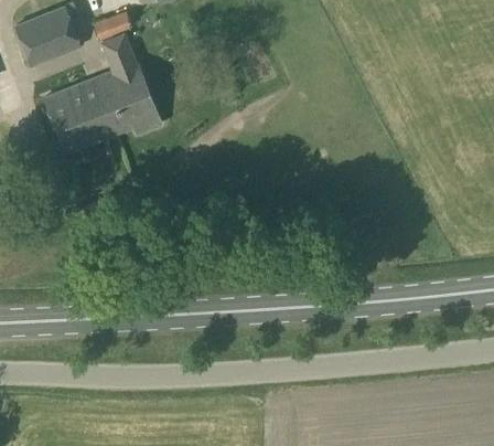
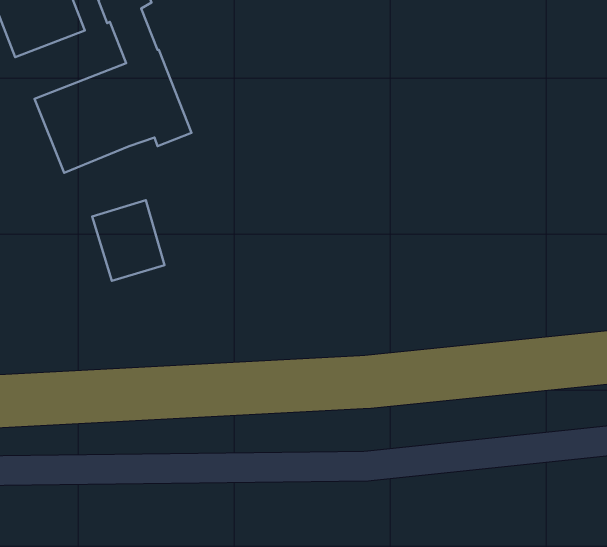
building: none -> [92,200,165,281]

